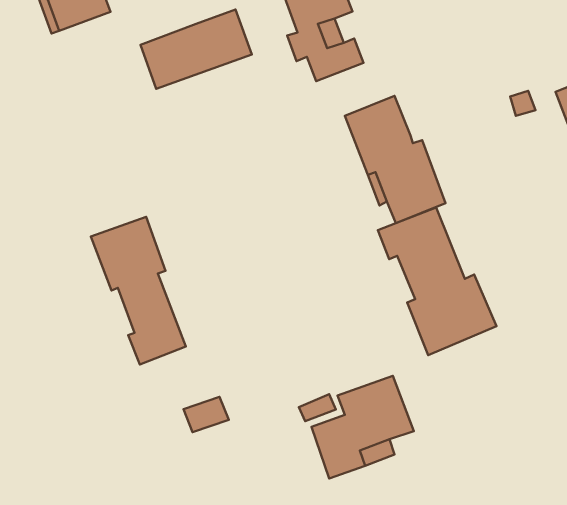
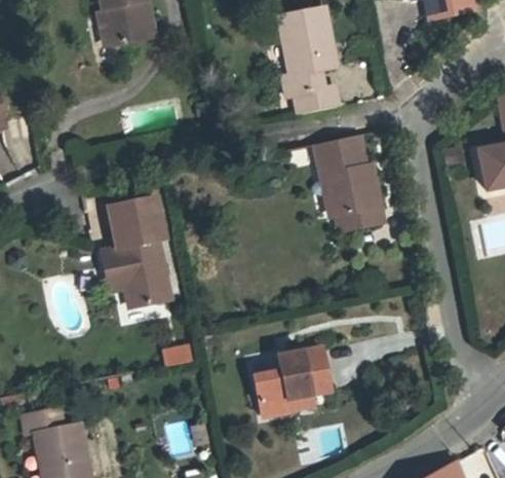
building: [141,9,252,89] -> none
building: [378,208,496,355] -> none
building: none -> [103,247,132,287]

